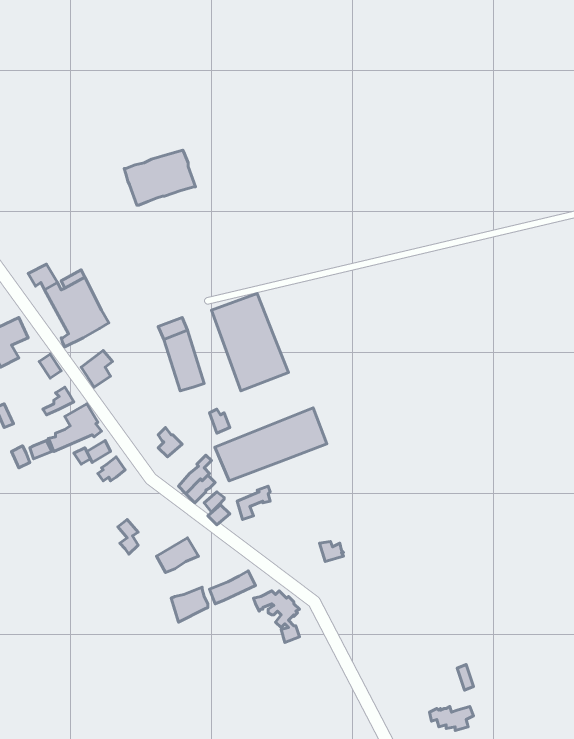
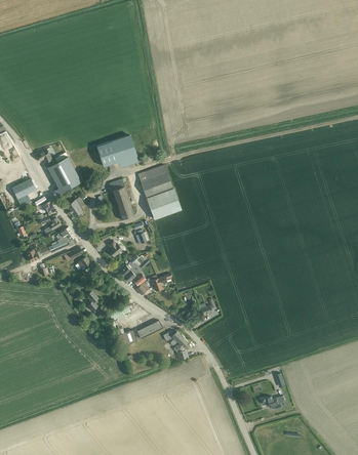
building: [124,150,196,205] -> [96,135,136,166]
building: [215,408,327,481] -> none

